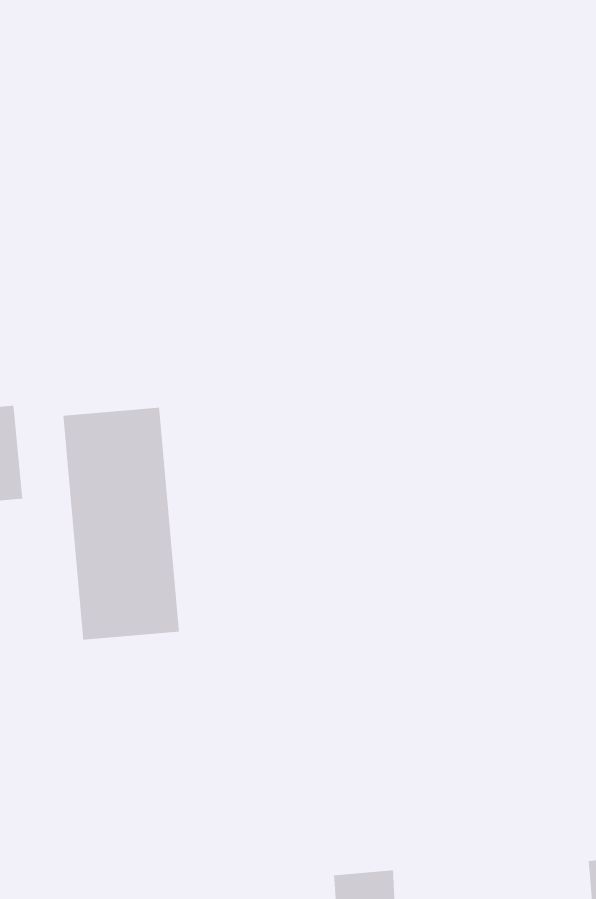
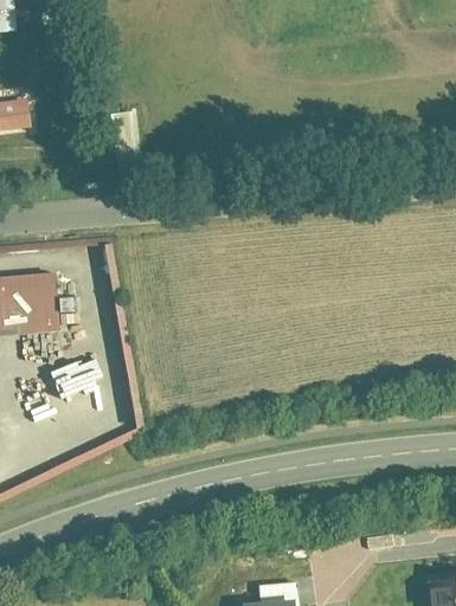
building: [62,407,180,640] -> none

